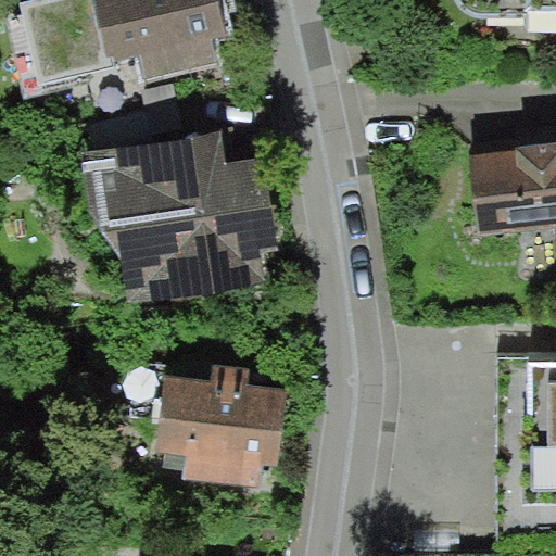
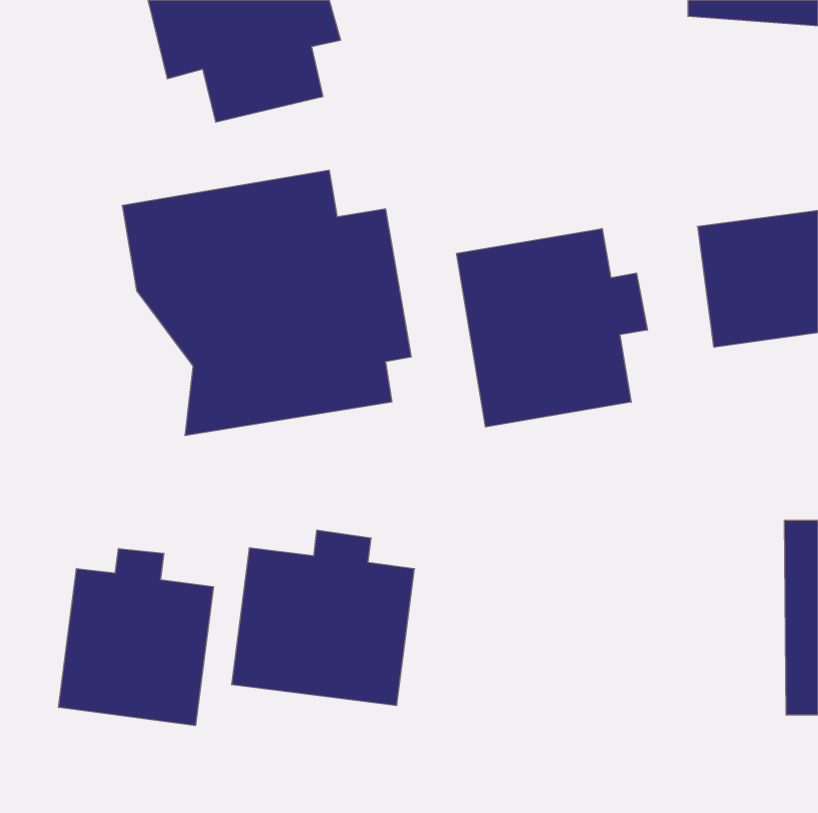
building: none -> [456,228,647,427]
building: none -> [59,548,214,726]

